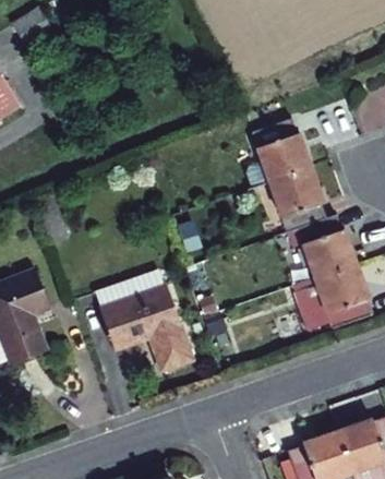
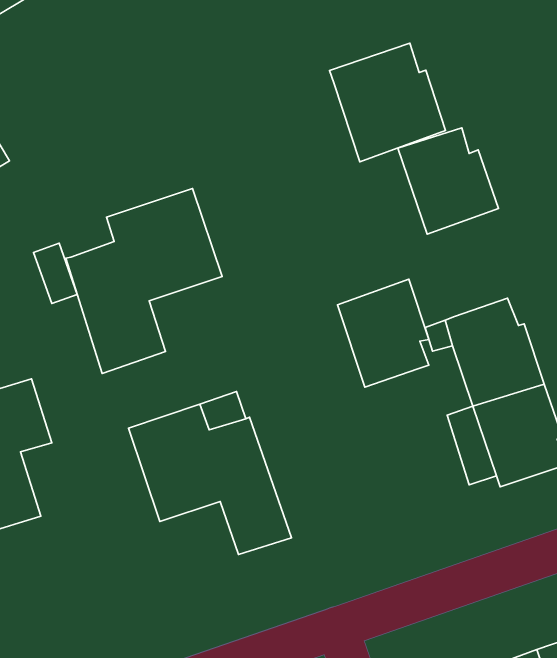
building: none -> [330,43,446,162]
building: none -> [66,188,222,374]
building: [270,166,325,230] -> [337,279,429,387]

